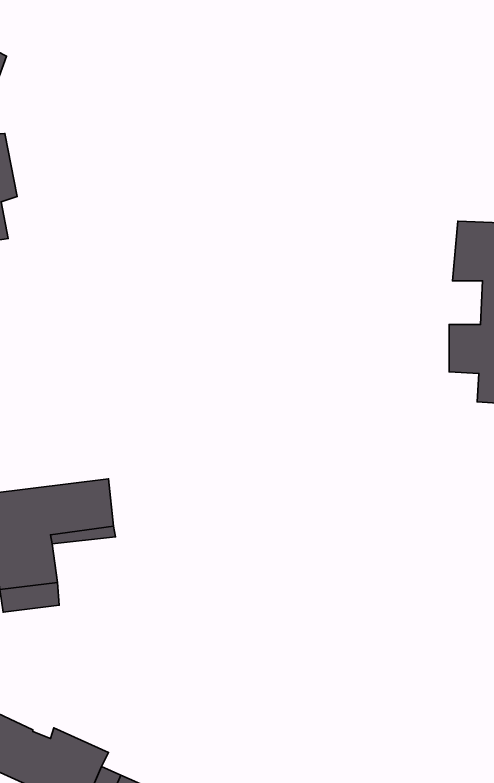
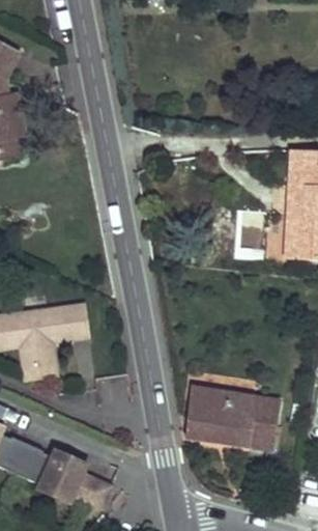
building: none -> [185,388,278,448]

